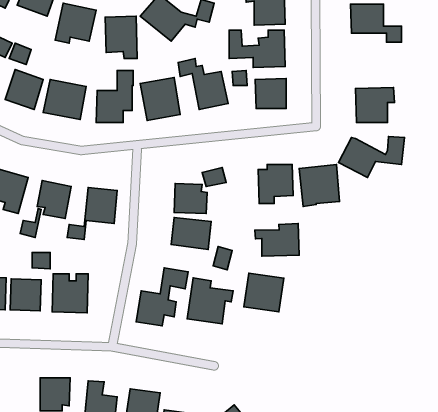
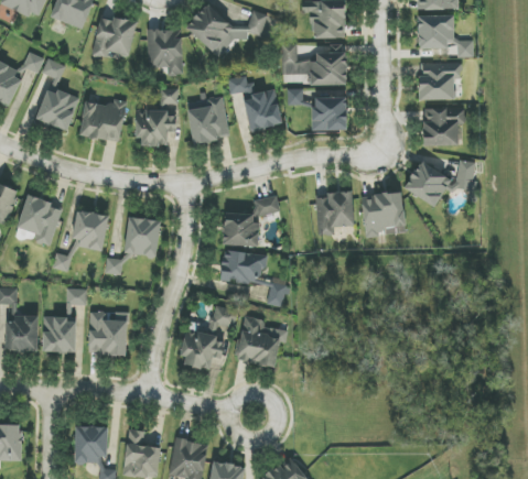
building: none -> [419,62,461,100]
building: [255,224,299,256] -> none
building: [244,273,284,312] -> none

